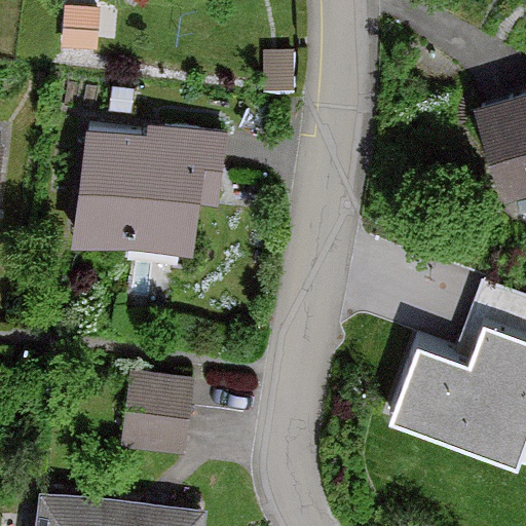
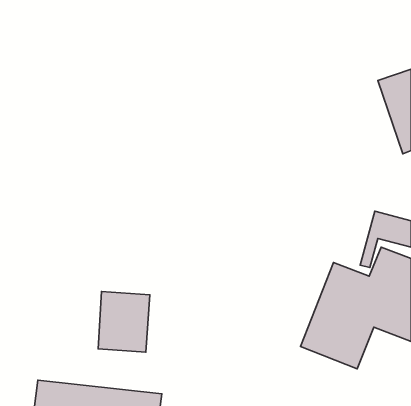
building: [75,127,227,259] -> none

